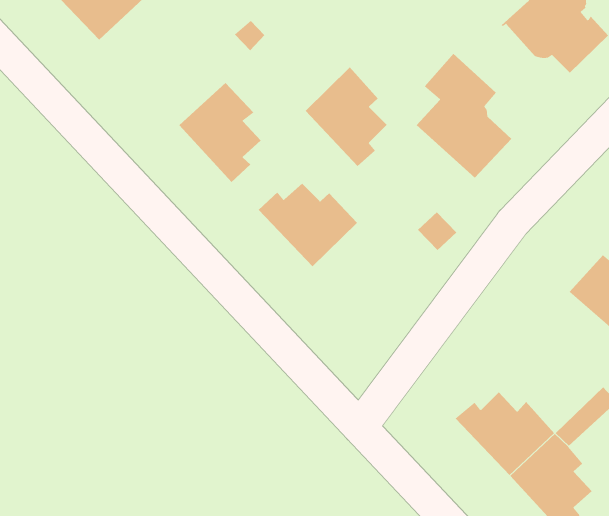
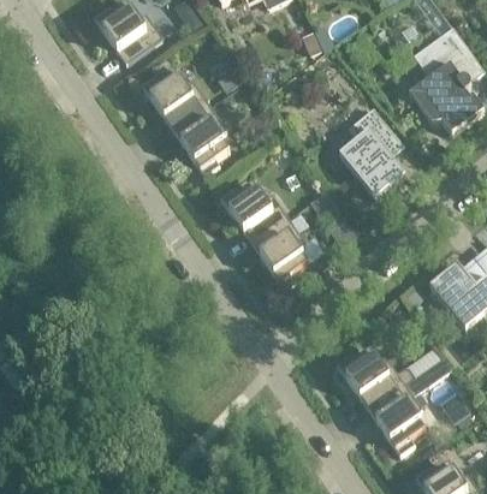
building: none -> [141,70,209,130]
building: [305,67,388,167] -> [251,216,308,287]

